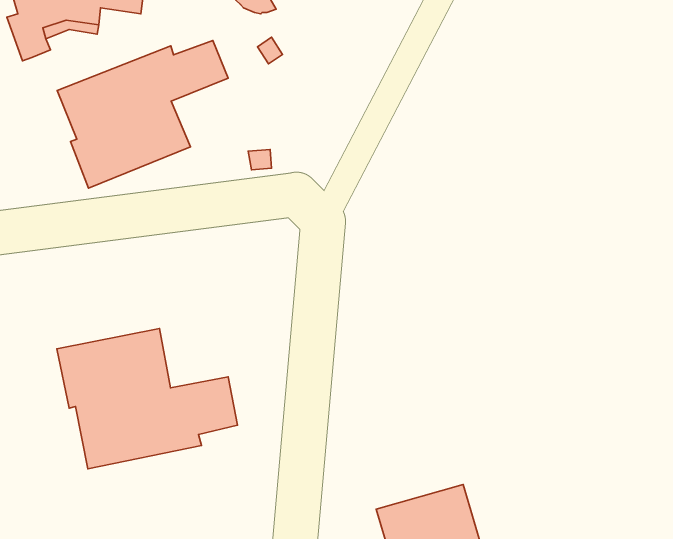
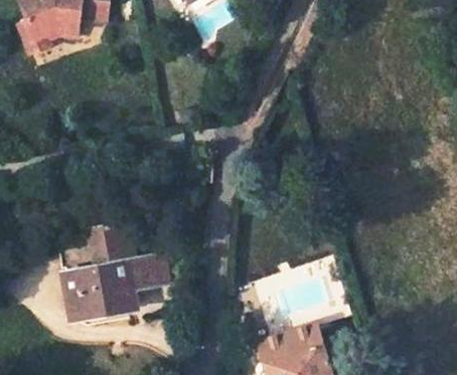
building: [57,41,228,188] -> none

